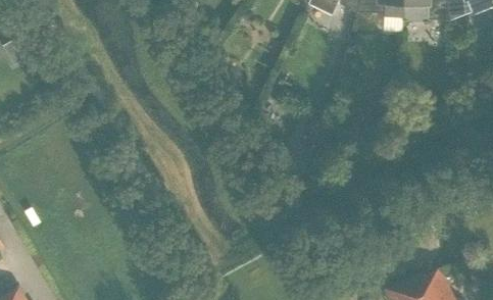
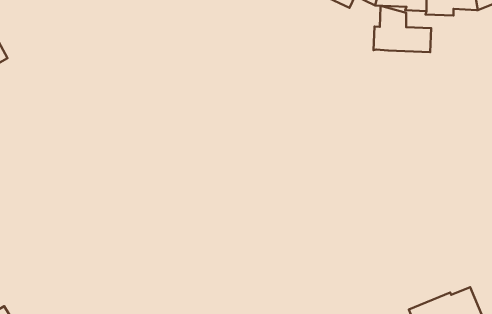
building: none -> [373,6,431,52]

